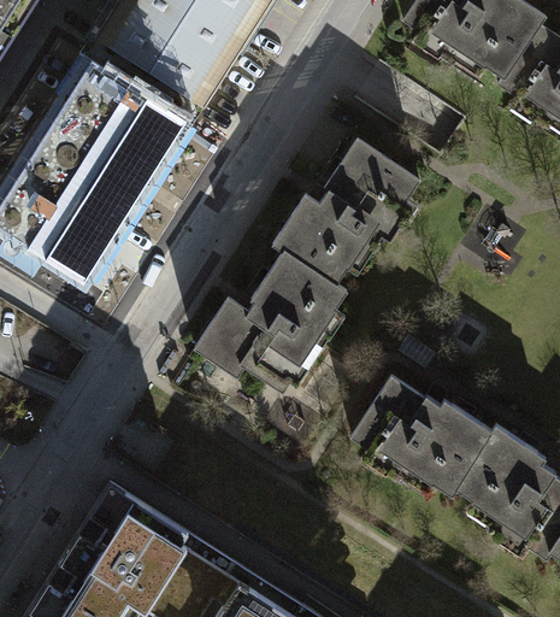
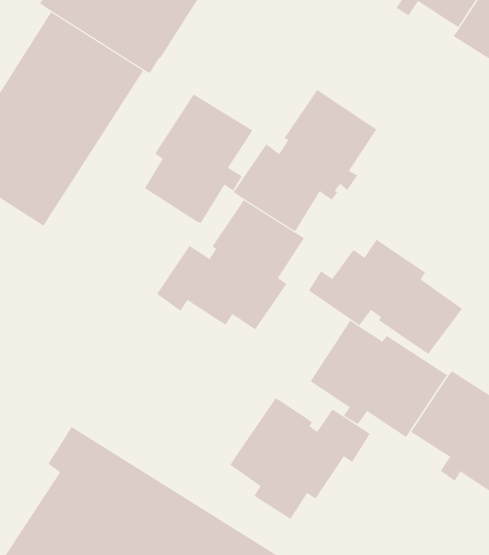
building: none -> [144,94,253,224]
building: none -> [308,239,463,355]
building: none -> [229,397,371,520]

